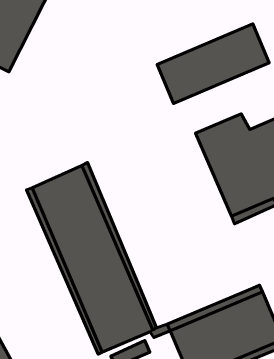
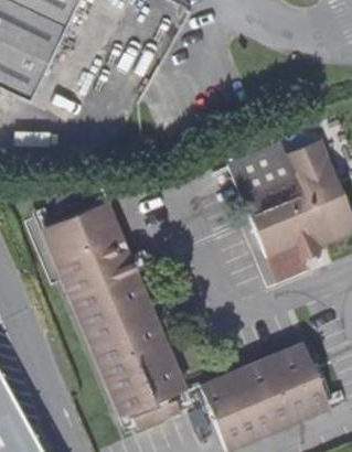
building: [157,24,269,103] -> none

